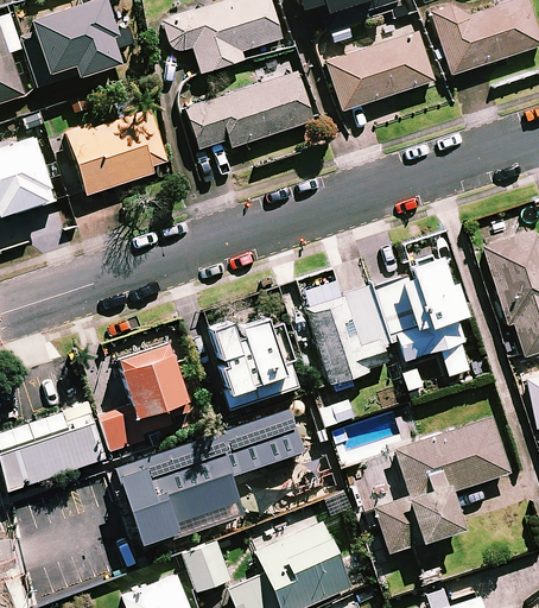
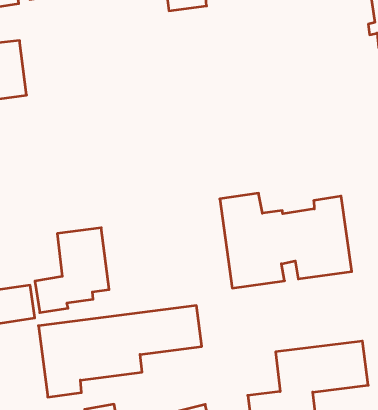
building: [329,33,436,112] -> none
building: [189,72,315,148] -> none
building: [70,109,167,194] -> none
building: [209,311,302,406] -> none

